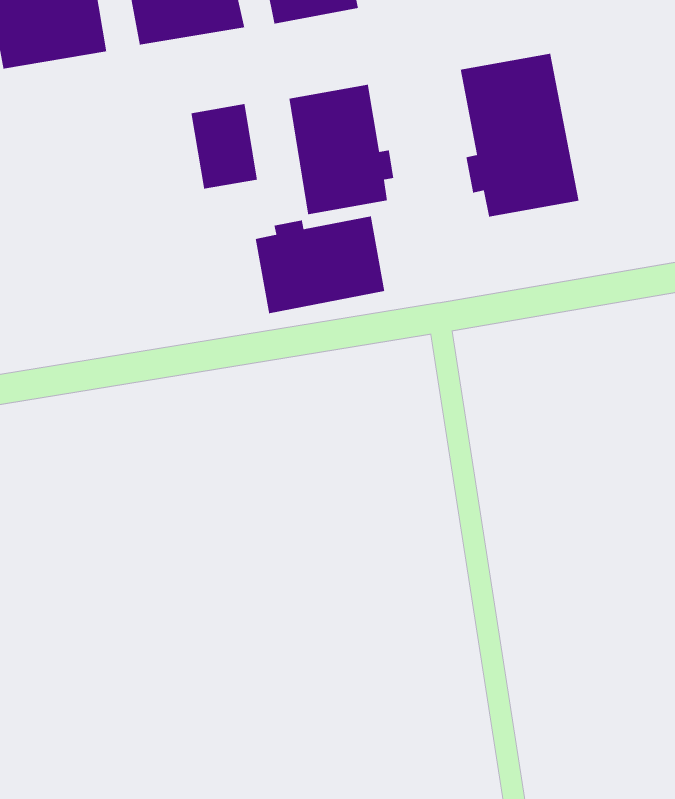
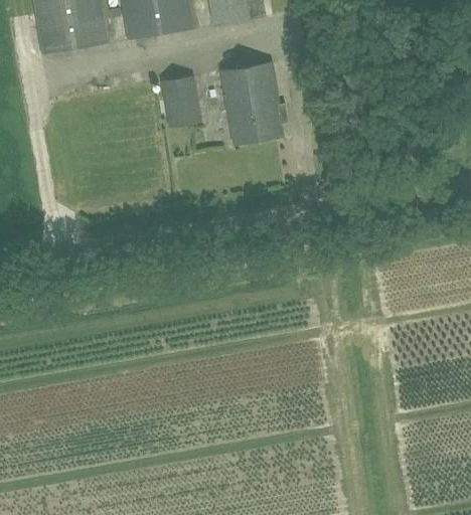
building: [460,53,580,218] -> none
building: [255,216,385,314] -> none

